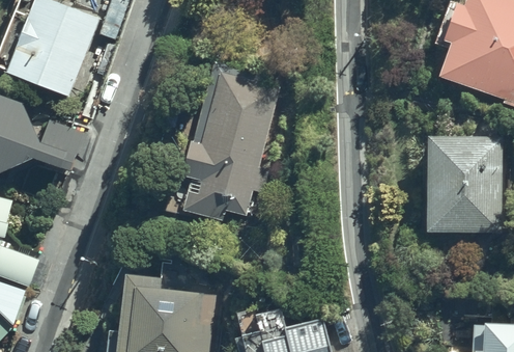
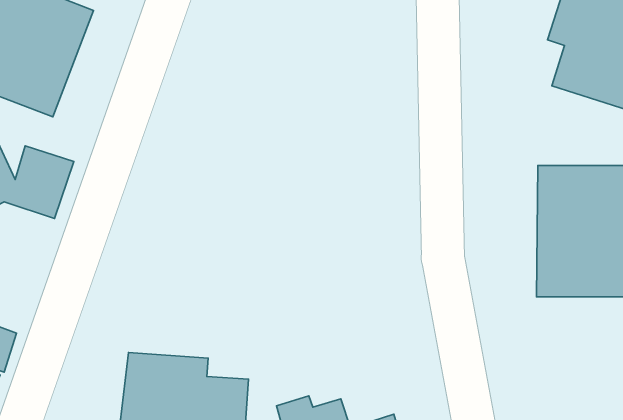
building: [177,58,282,221] -> none

